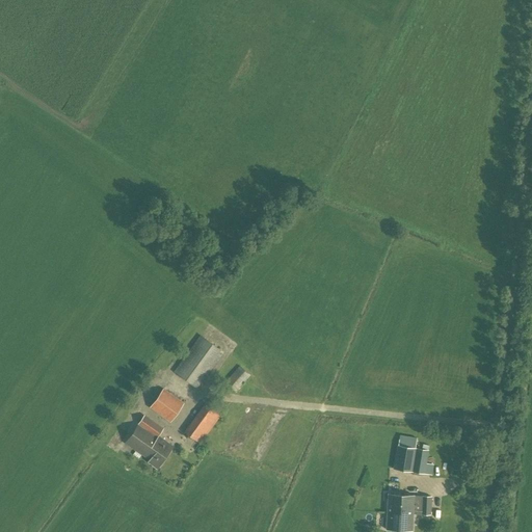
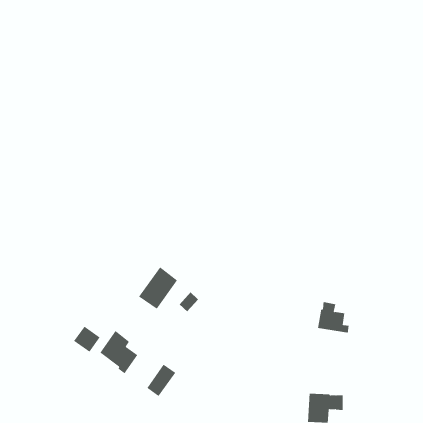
building: [150,389,184,422] -> [73,326,101,352]
building: [184,402,221,444] -> [147,364,176,397]
building: [393,435,433,475] -> [317,302,349,333]

